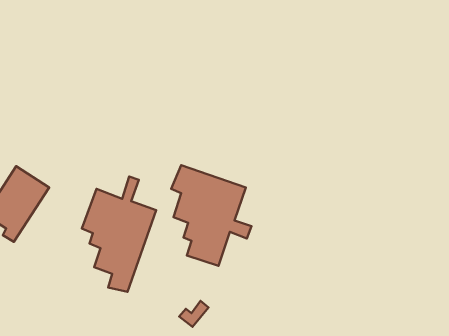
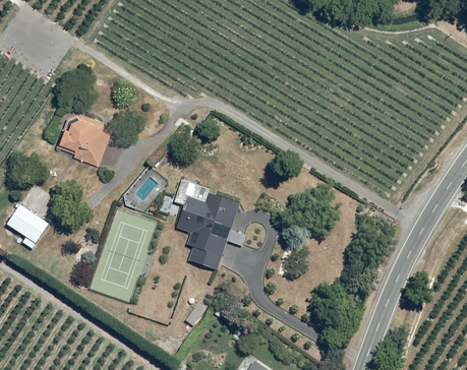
building: none -> [59,110,112,164]
building: [82,177,156,292] -> none

